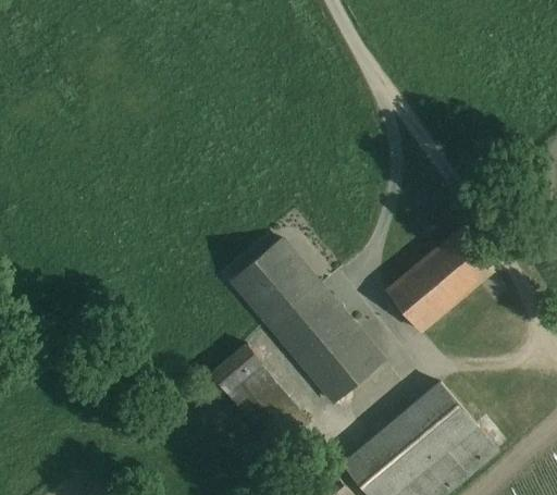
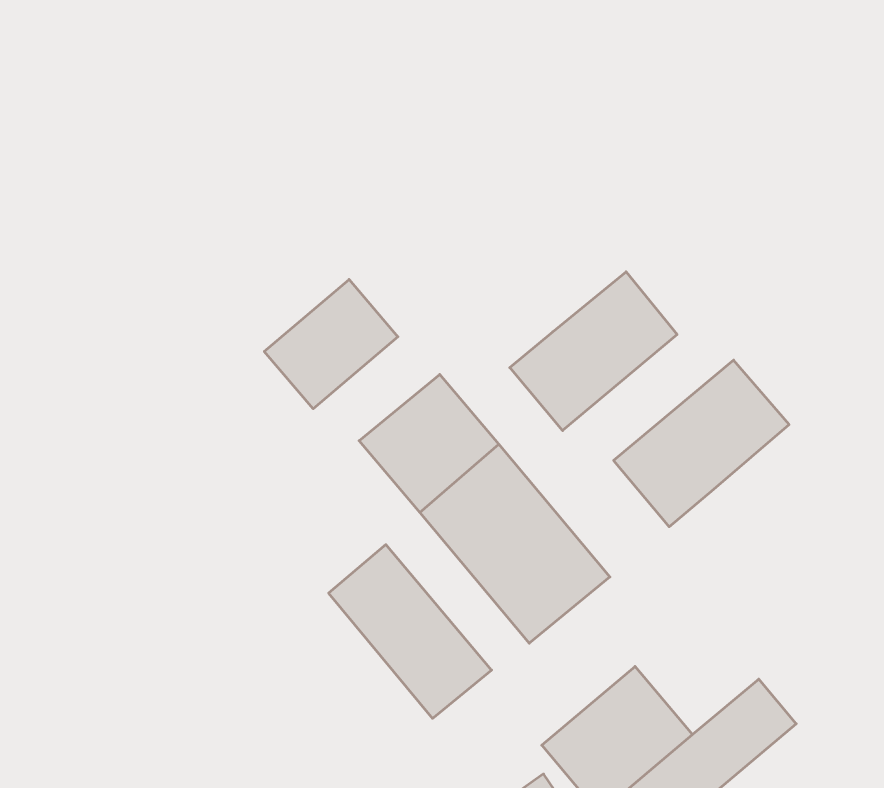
building: none -> [510,272,677,431]
building: none -> [264,279,398,409]
building: [399,383,474,457] -> none

